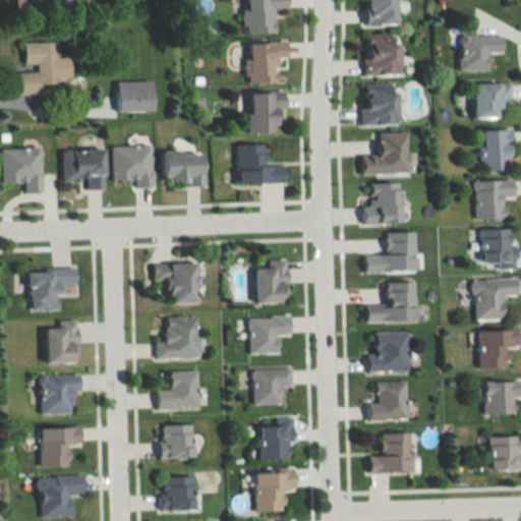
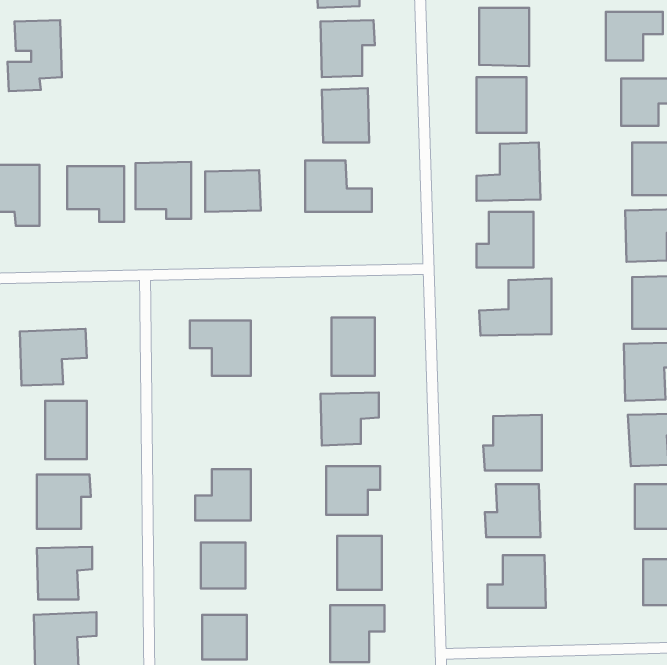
building: [119,81,156,111] -> none
building: [367,281,418,322] -> none
building: [156,315,198,358] -> none

